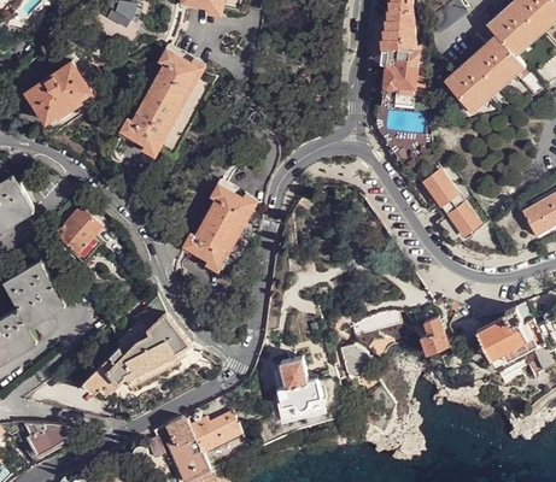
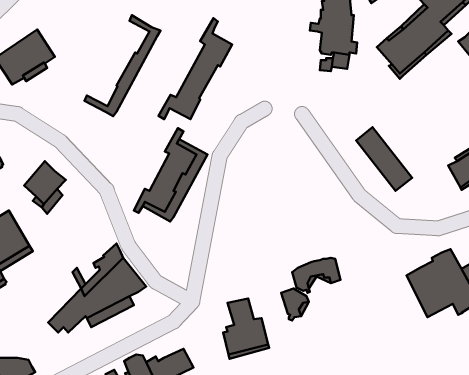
building: [113,35,194,146] -> [159,18,232,119]
building: [422,317,449,352] -> none

